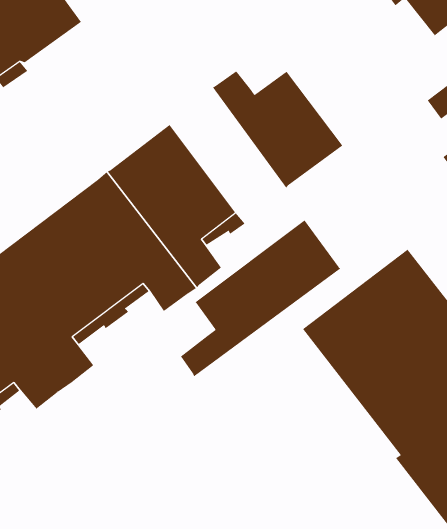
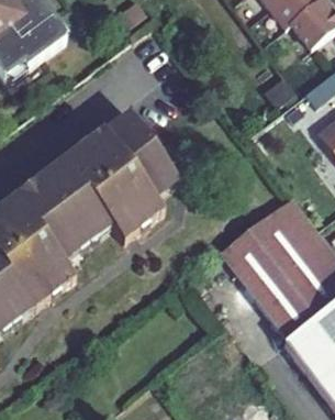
building: [212,70,343,189] -> none
building: [180,220,341,377] -> none

